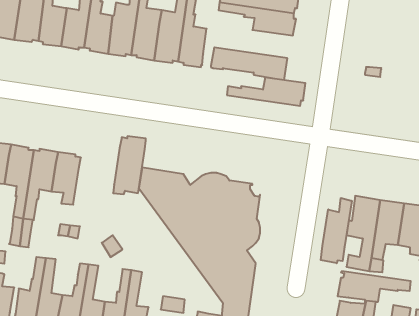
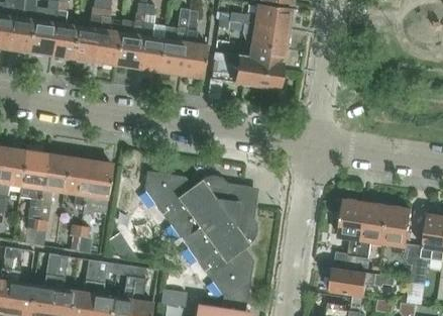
building: [227,78,305,106] -> [214,43,287,70]
building: [113,136,146,194] -> [83,161,113,214]
building: [321,198,352,263] -> none

